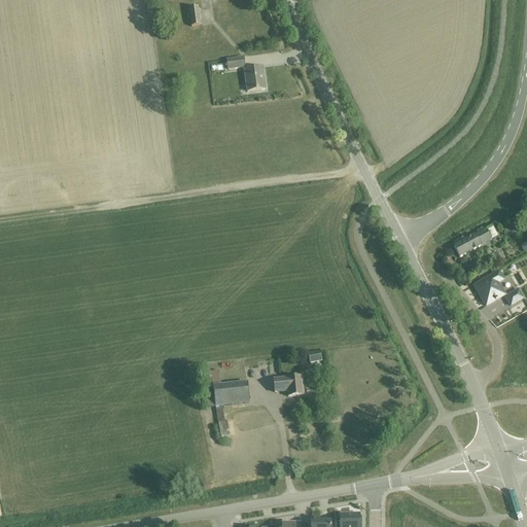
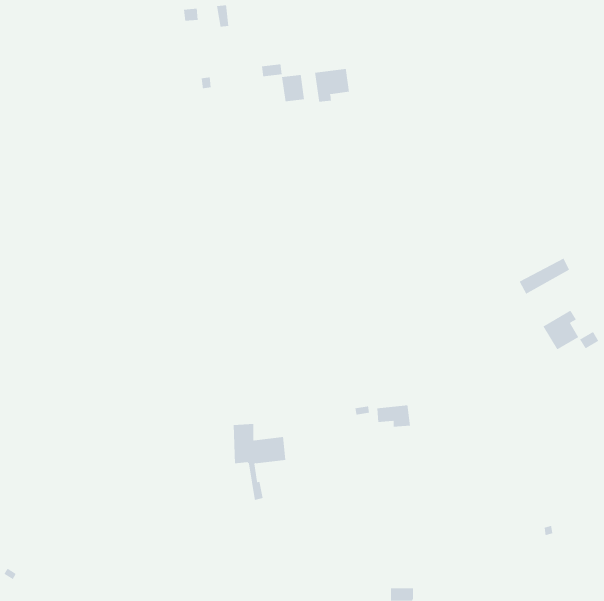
building: none -> [314,68,350,103]
building: [274,375,304,394] -> [376,405,411,427]

